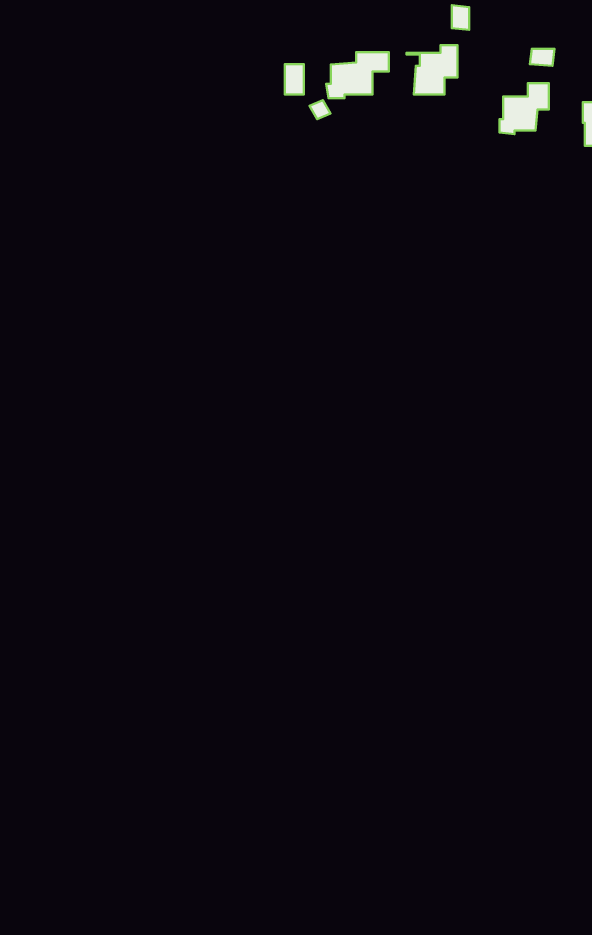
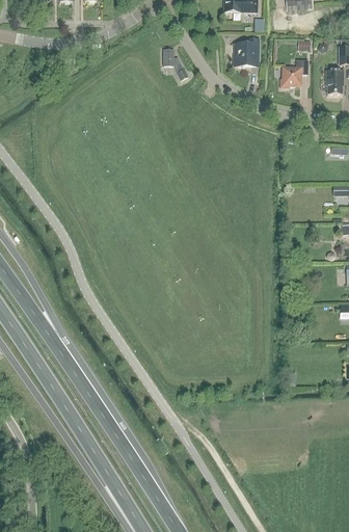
building: [326,52,389,98] -> none

